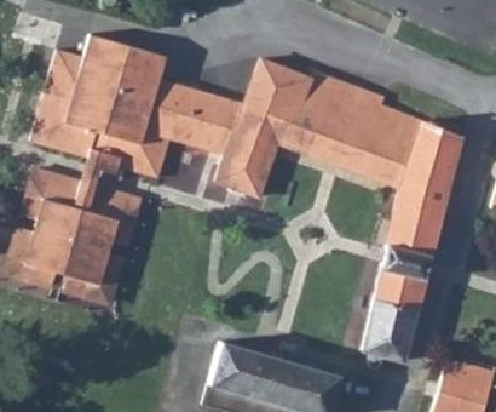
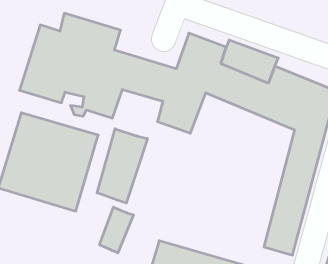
building: none -> [97,129,147,203]
building: none -> [100,207,134,253]

